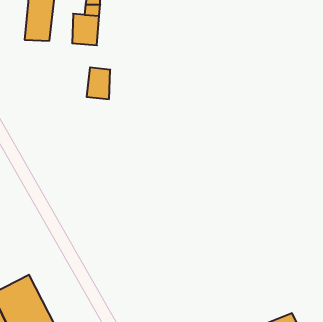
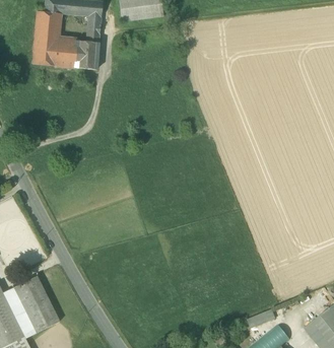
building: [87,67,110,99] -> [54,39,75,67]

